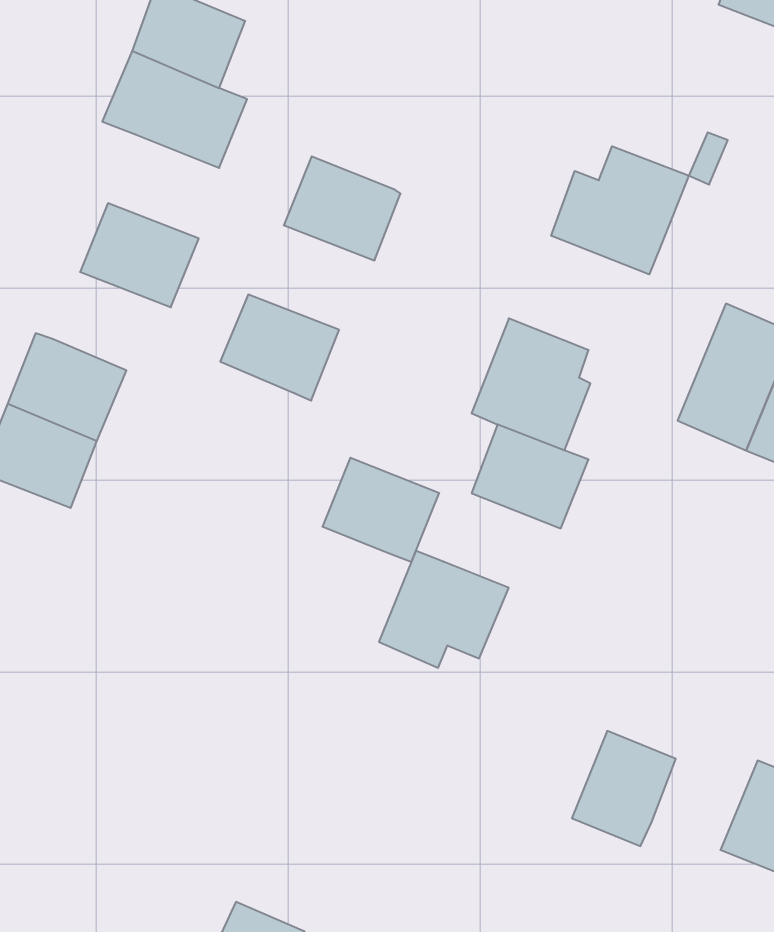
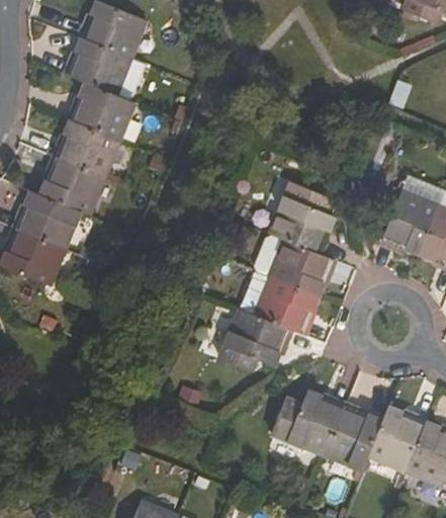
building: [551,146,689,274] -> none
building: [284,156,401,260] -> [71,82,135,139]
building: [220,295,339,401] -> [40,157,105,214]
building: [322,458,439,562] -> [254,277,318,334]
building: none -> [271,393,343,454]
building: none -> [367,407,425,471]

